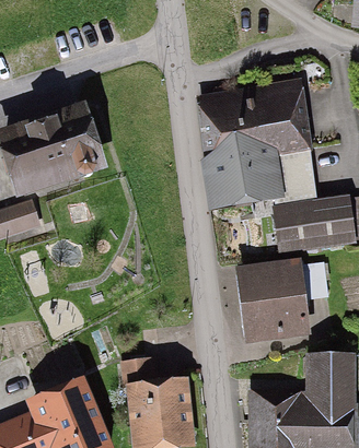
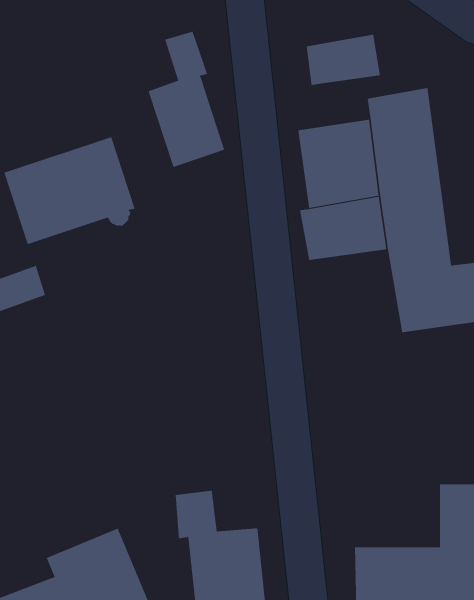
building: none -> [148,31,225,168]
building: none -> [306,34,381,86]
building: [241,262,327,337] -> none

